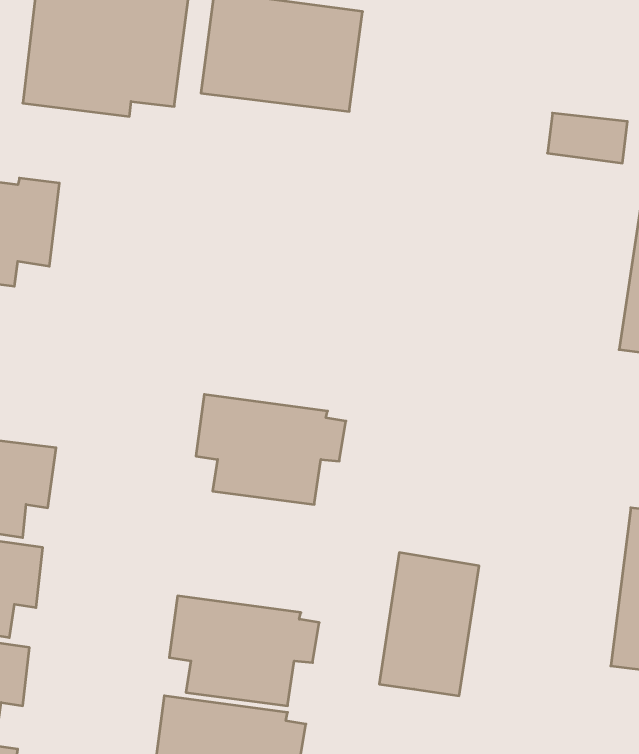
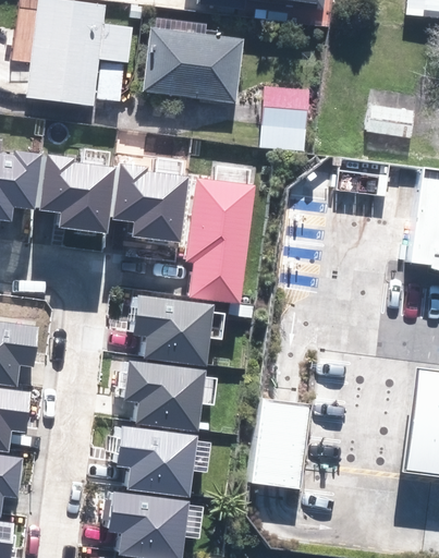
building: none -> [257,84,310,148]
building: none -> [40,148,117,233]
building: none -> [113,157,190,242]
building: none -> [187,167,255,301]
building: none -> [119,359,217,432]

